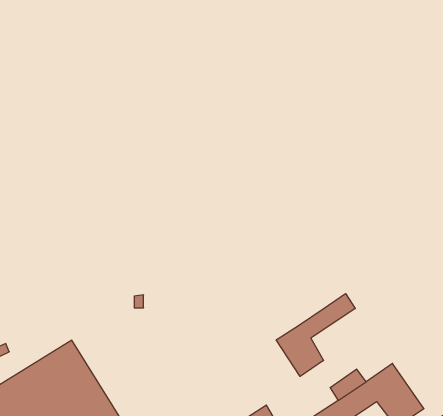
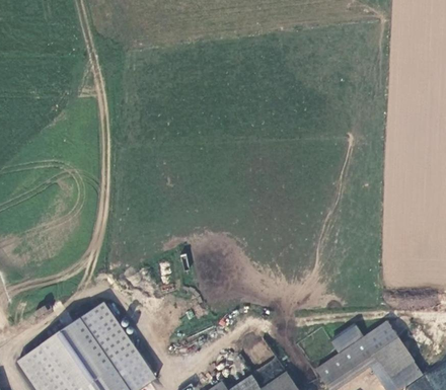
building: [276,294,355,376] -> none

